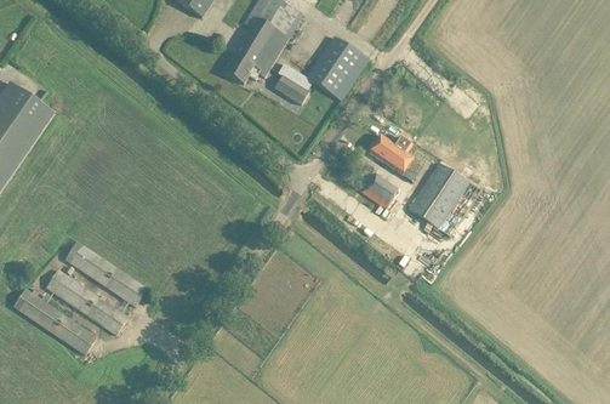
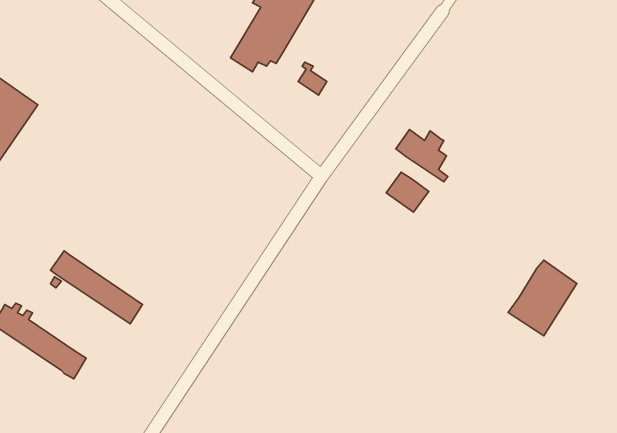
building: [306,36,367,101] -> none
building: [406,163,467,229] -> [508,260,577,336]
building: [45,269,127,334] -> none

